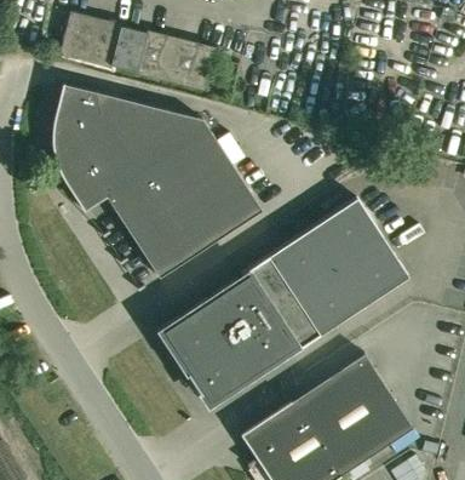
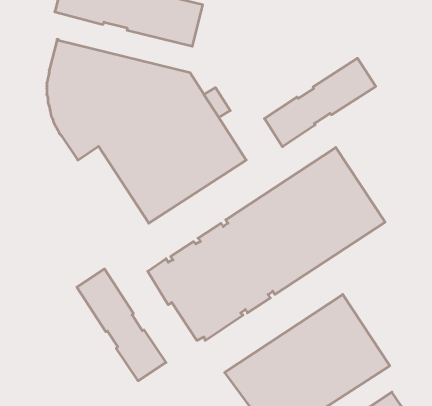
building: none -> [264,58,376,147]
building: none -> [77,269,166,381]

